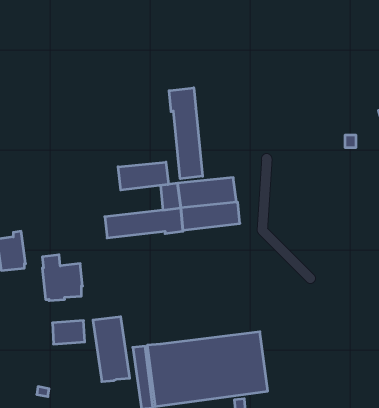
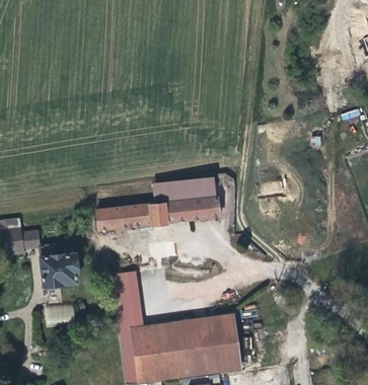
building: [169,88,203,179] -> none
building: [118,162,168,190] -> none
building: [93,317,130,382] -> [114,270,147,328]

